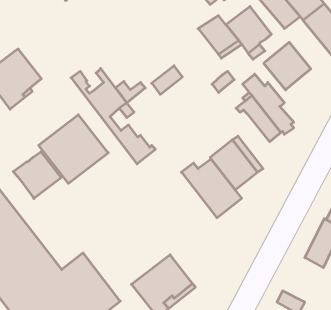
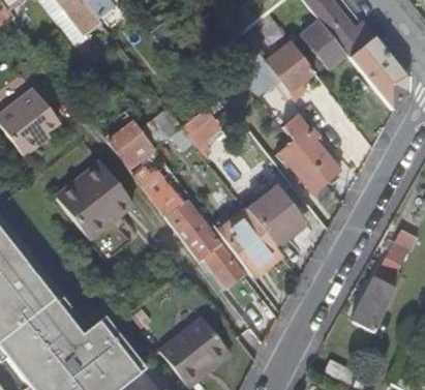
building: [264,42,311,90] -> none
building: none -> [165,199,245,287]
building: [13,152,61,199] -> none

